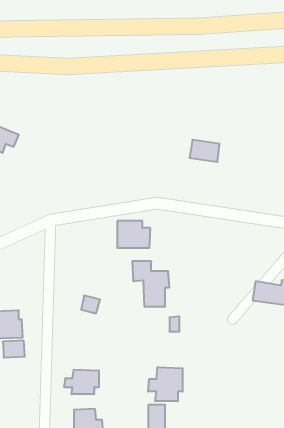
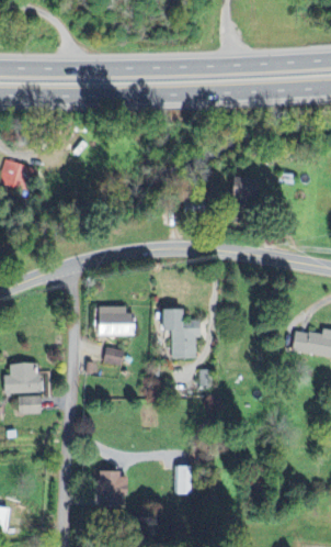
building: [117,221,150,248] -> [98,305,134,335]
building: [148,367,183,401] -> none
building: [64,370,99,394] -> none

